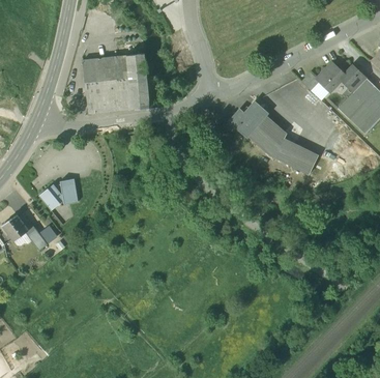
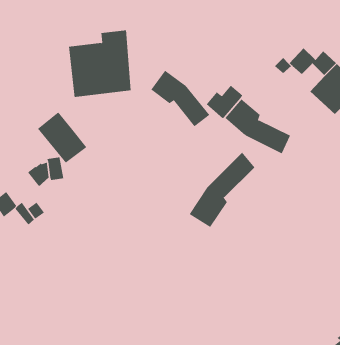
building: none -> [150,70,210,127]
building: none -> [37,112,87,164]
building: none -> [189,152,255,228]

